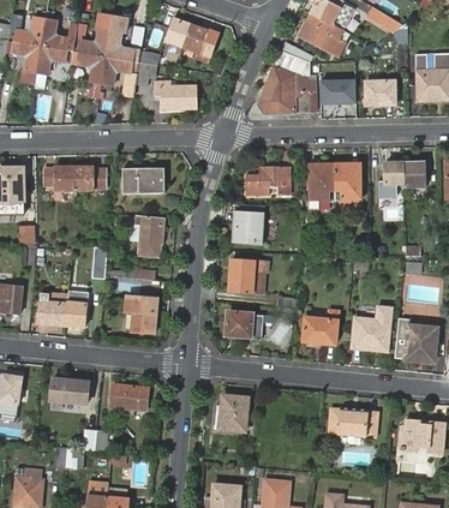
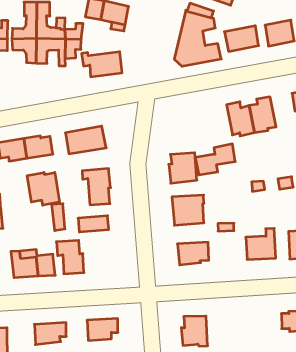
building: [245,166,289,195] -> [195,144,235,175]
building: none -> [27,172,60,205]
building: [128,292,157,331] -> [56,240,84,274]

